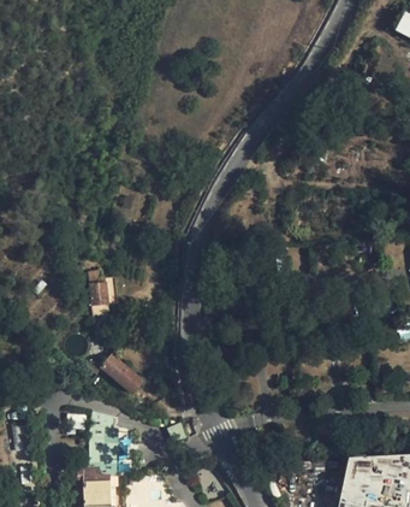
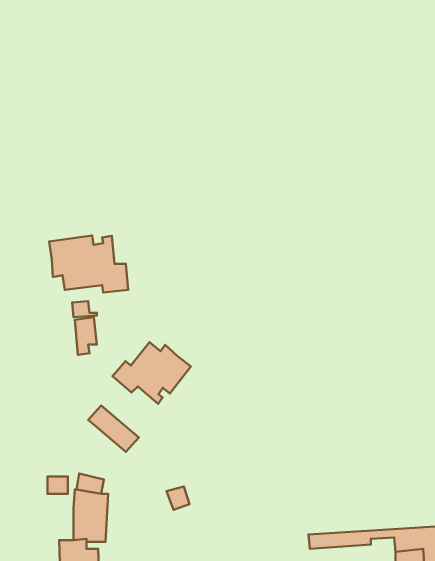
building: none -> [49,236,128,293]
building: none -> [113,342,191,404]

